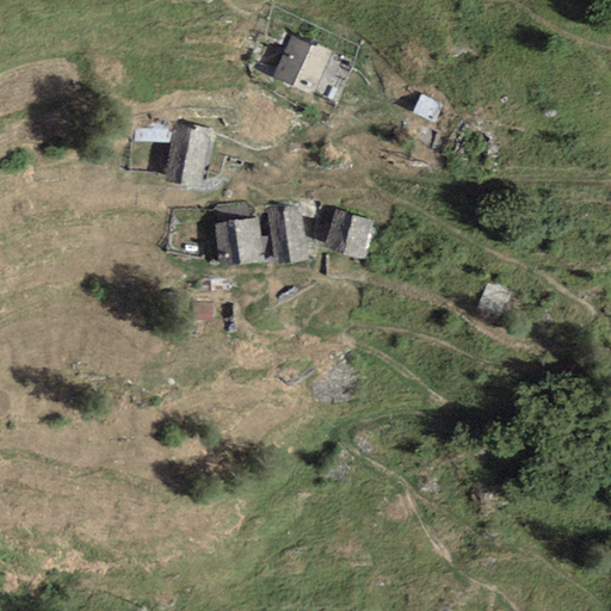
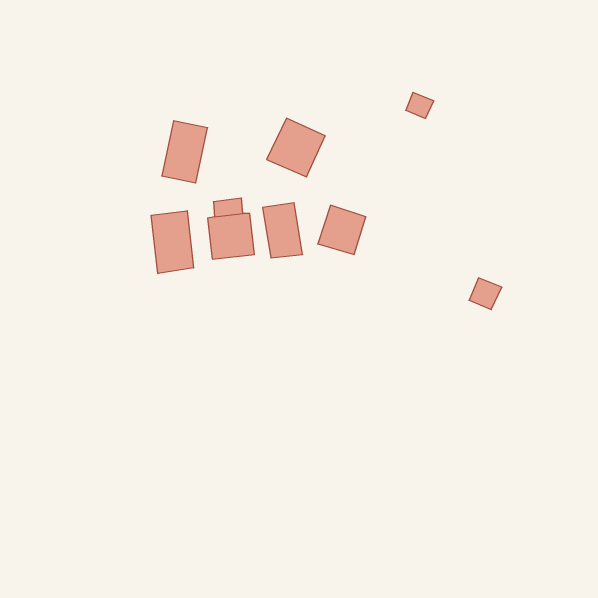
building: [271,36,331,95] -> [267,118,325,177]
building: none -> [151,211,194,274]

